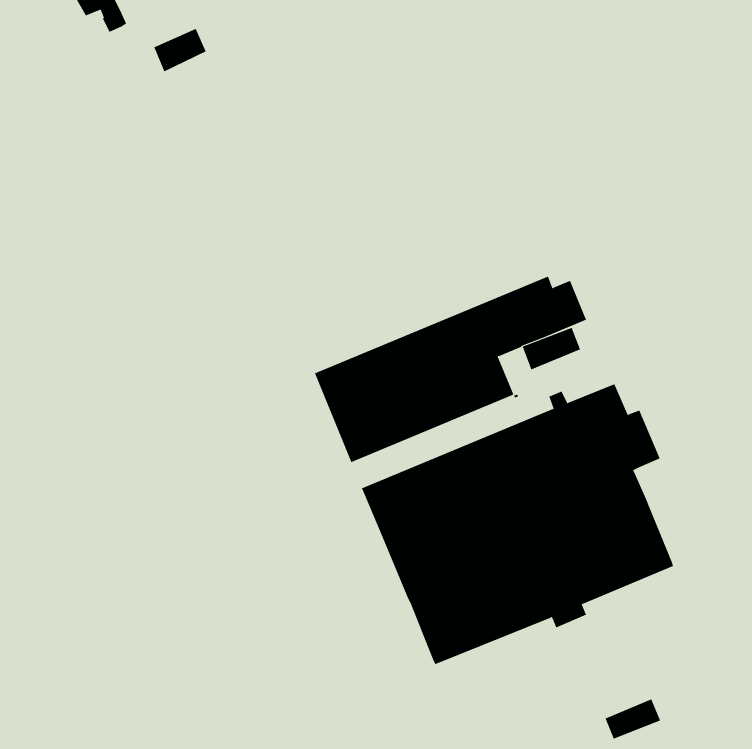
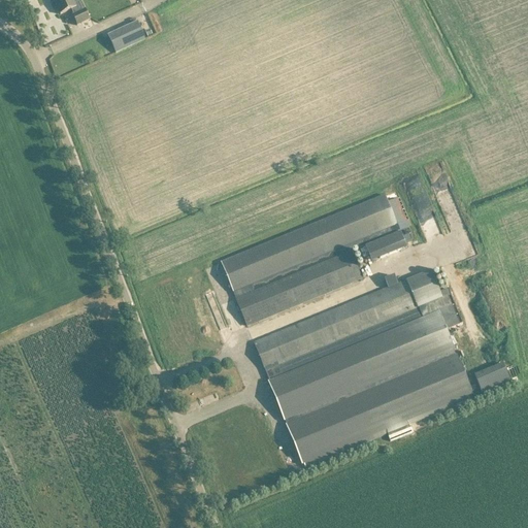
building: none -> [473,362,510,393]
building: [605,698,661,739] -> none

